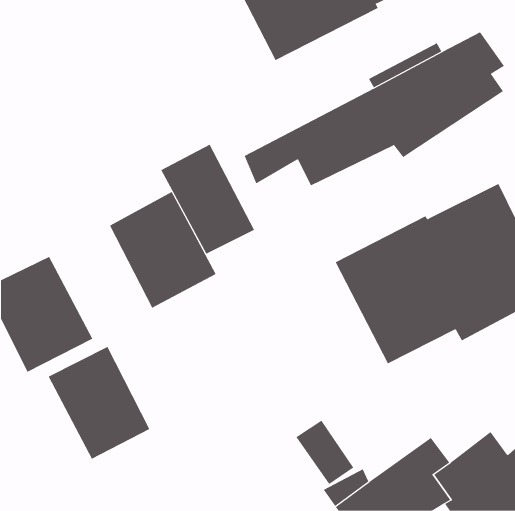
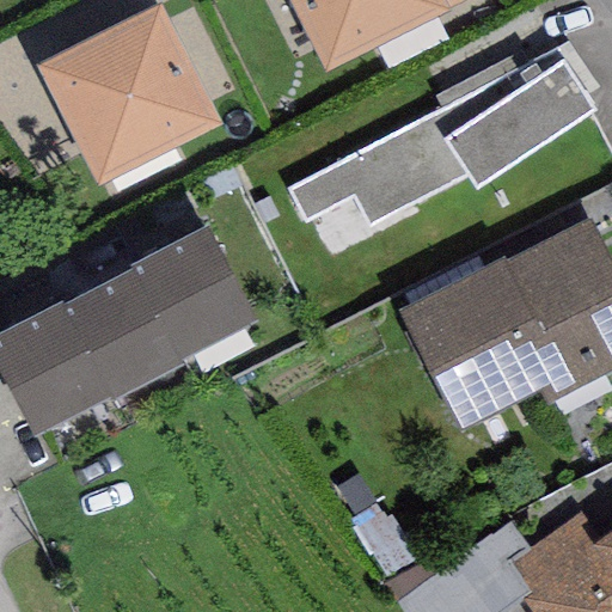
building: none -> [38,5,222,186]
building: [160,144,255,255] -> none
building: [48,346,150,460] -> [61,267,182,400]

